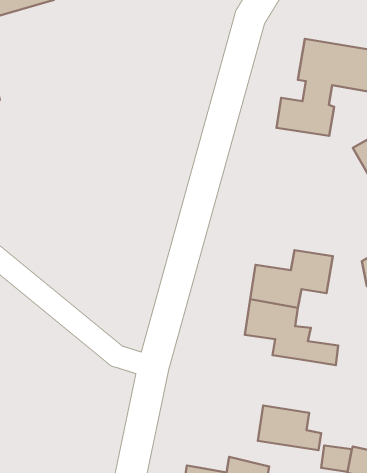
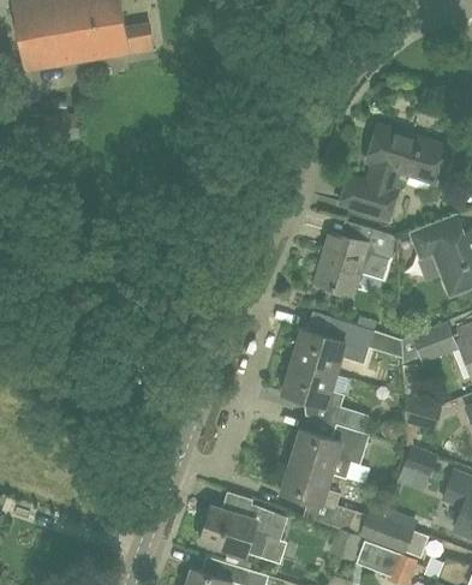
building: none -> [315,228,396,294]
building: none -> [289,423,369,478]

